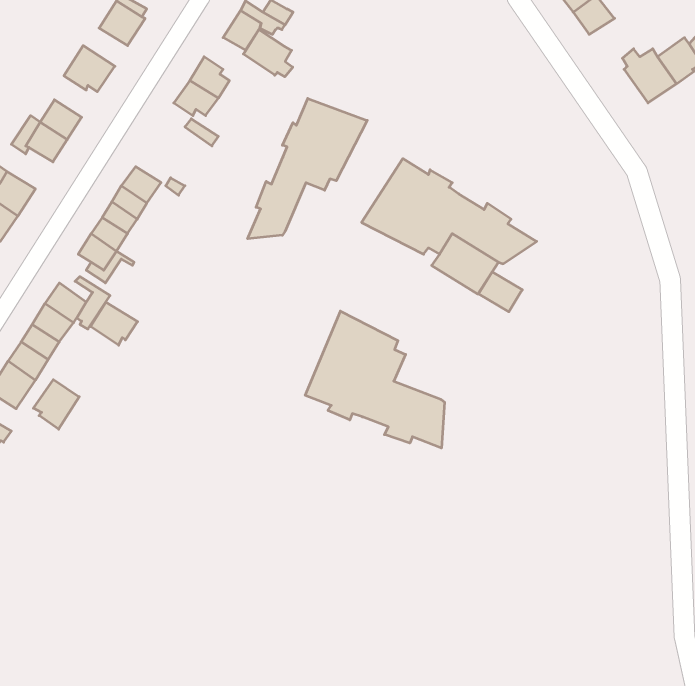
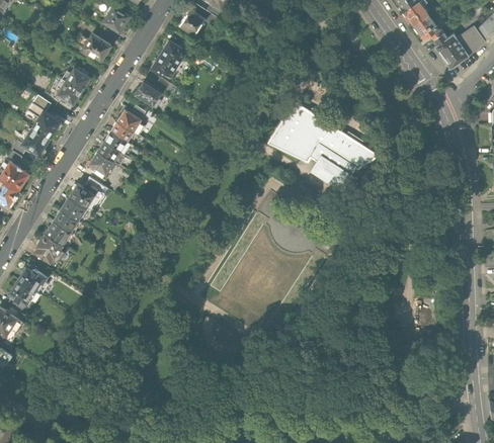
building: none -> [414,15,445,41]
building: [243,29,293,77] -> none
building: [248,98,367,239] -> none
building: none -> [134,81,161,109]
building: [479,272,522,312] -> none
building: [90,302,138,345] -> none
building: [305,311,445,448] -> none
building: [33,380,79,429] -> none

